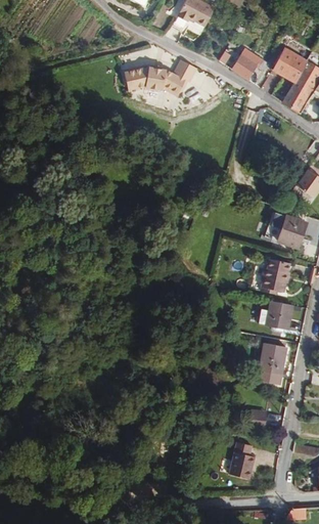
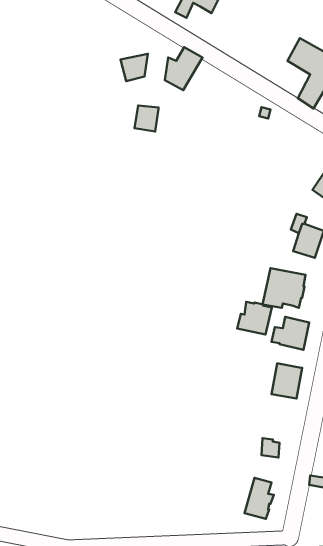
building: [219,46,263,80] -> none
building: [144,62,166,86] -> [135,105,158,131]
building: none -> [237,302,272,334]

